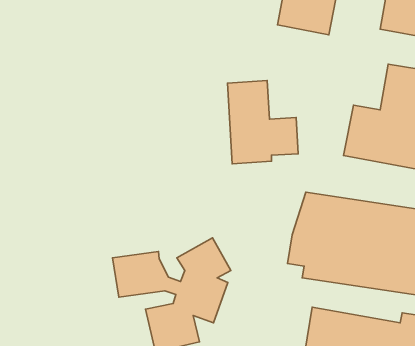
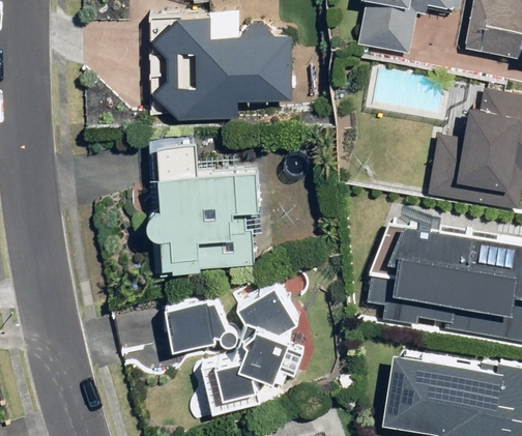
building: none -> [150,20,292,122]
building: [228,80,298,164] -> none
building: none -> [151,135,265,268]

